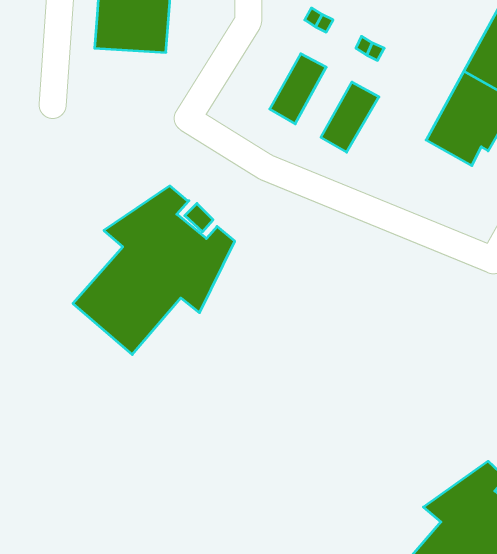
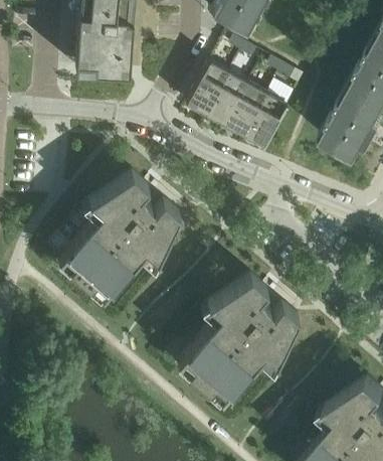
building: none -> [185,60,228,113]
building: none -> [224,82,266,134]
building: none -> [177,273,298,399]

